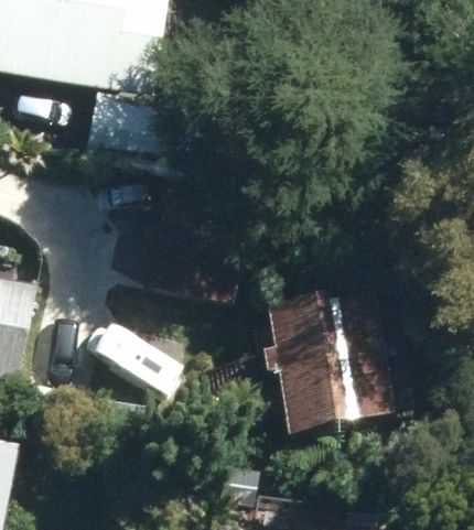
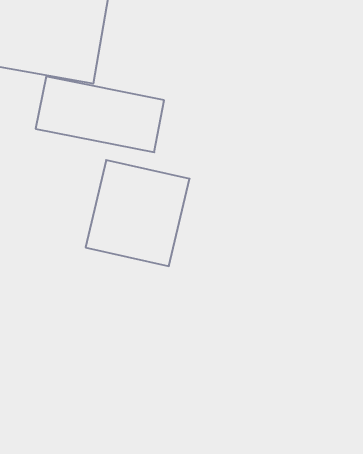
building: [248,303,397,443] -> none

